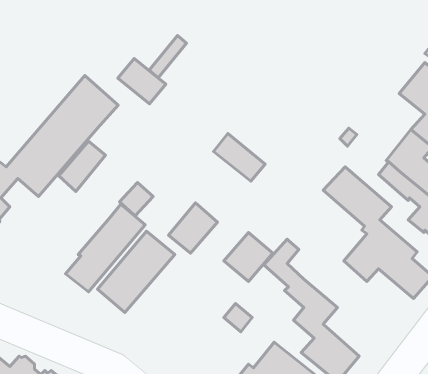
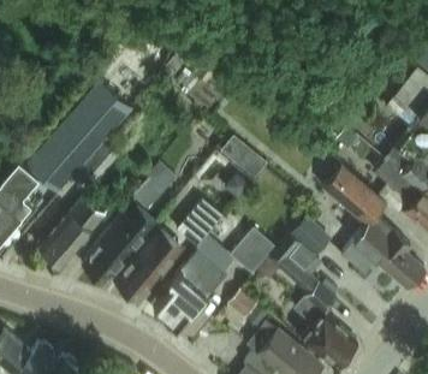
building: [118,58,166,104] -> none
building: none -> [41,198,106,268]
building: none -> [290,218,333,272]
building: none -> [154,251,227,330]

